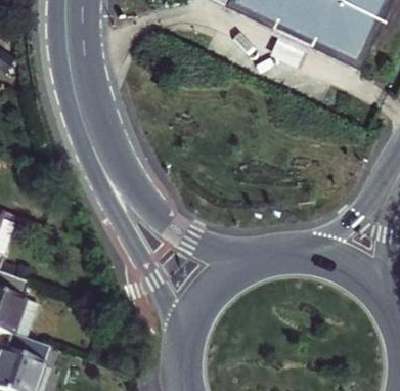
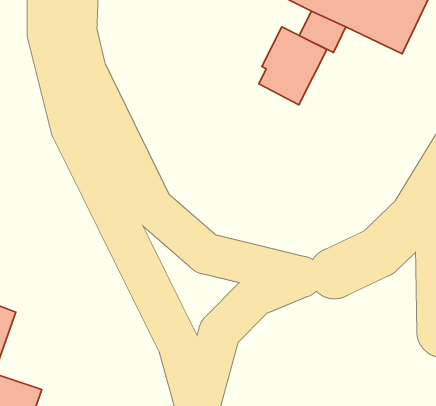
building: none -> [259,27,327,105]

